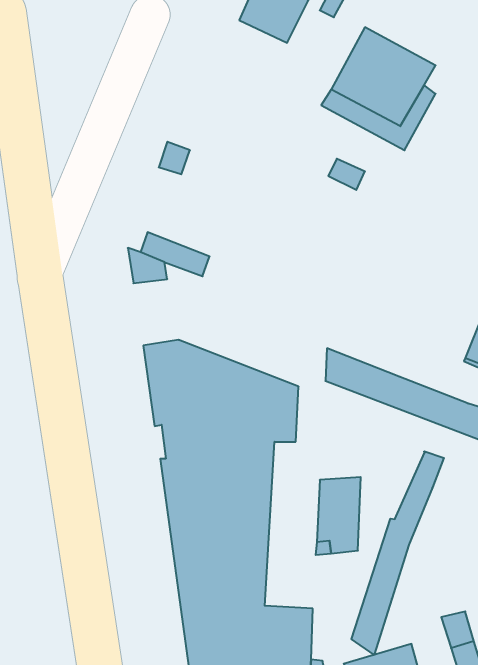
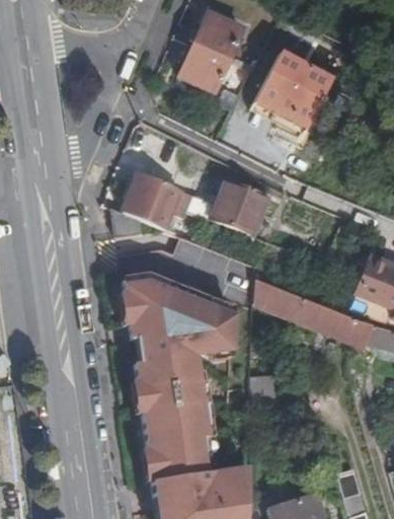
building: none -> [178,46,227,93]
building: none -> [127,174,179,215]
building: none -> [213,186,262,237]
building: [351,451,444,655] -> none

